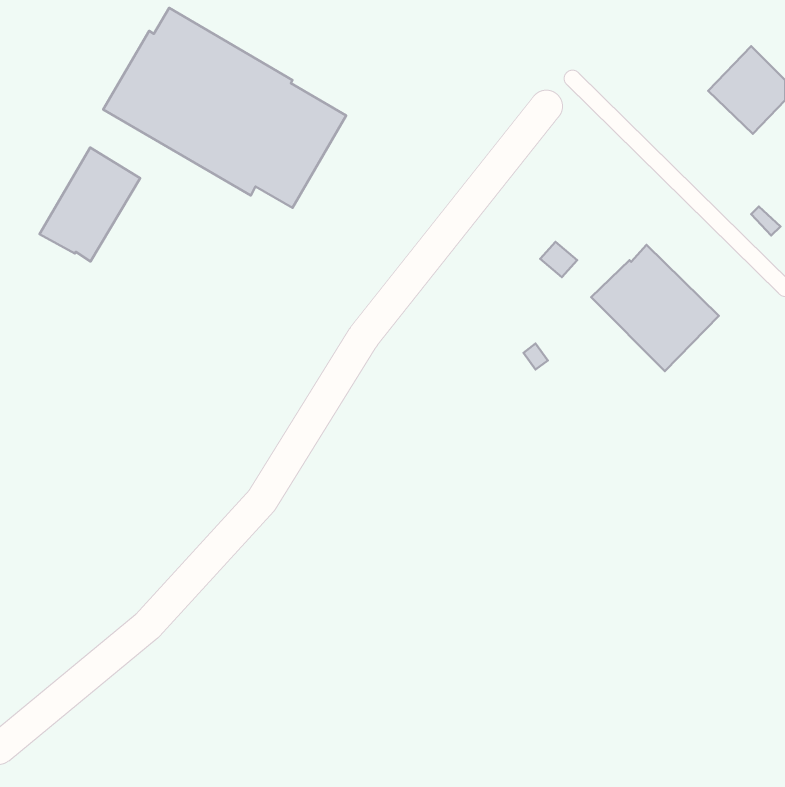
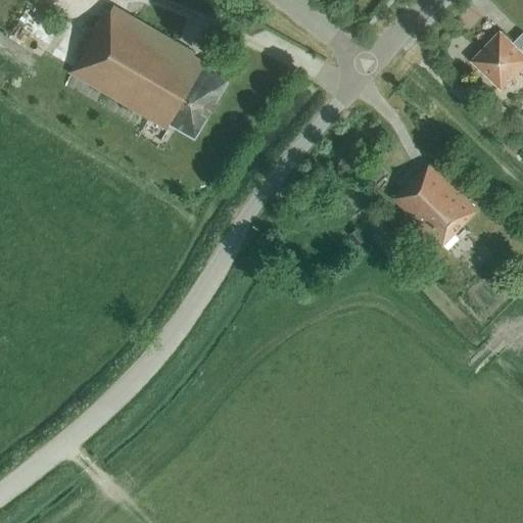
building: [39,148,140,262] -> none

